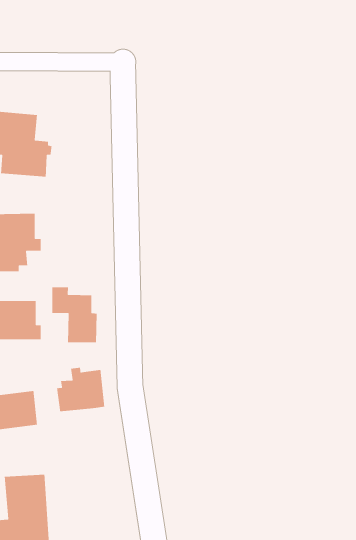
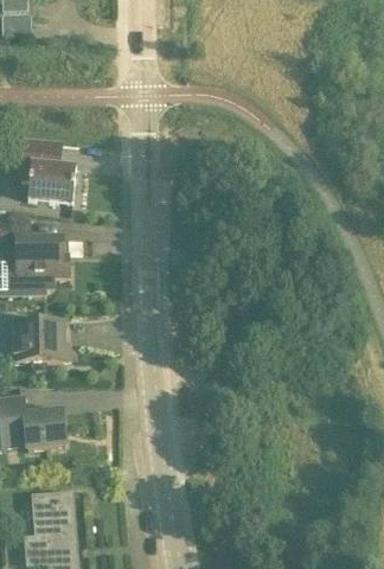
building: [51,286,97,343] -> none
building: [56,367,105,412] -> none

